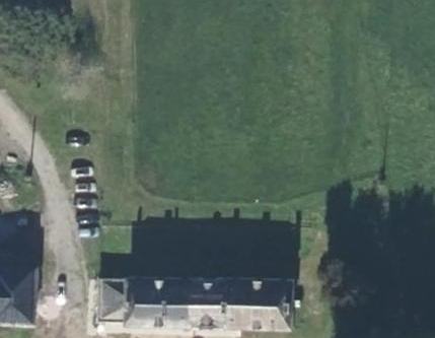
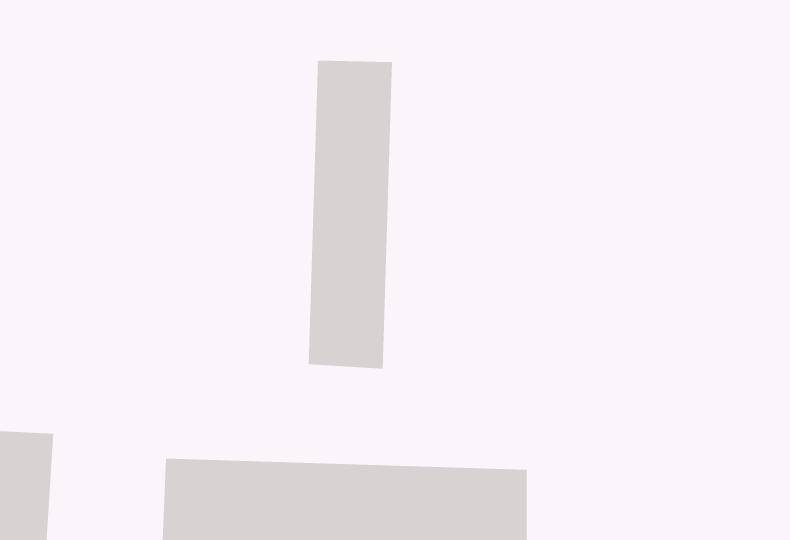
building: none -> [308,60,393,369]

